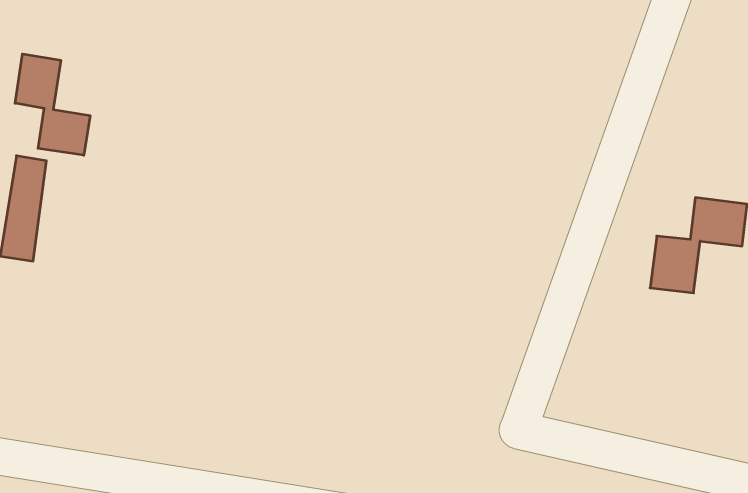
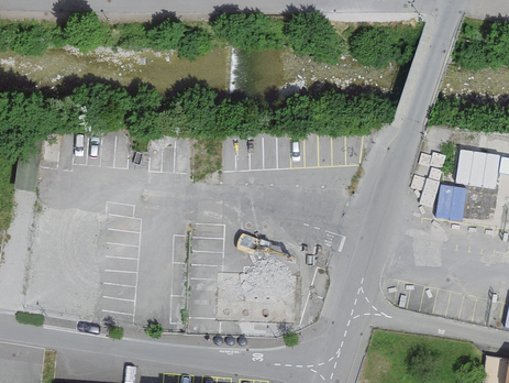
building: [15,54,90,155] -> none

